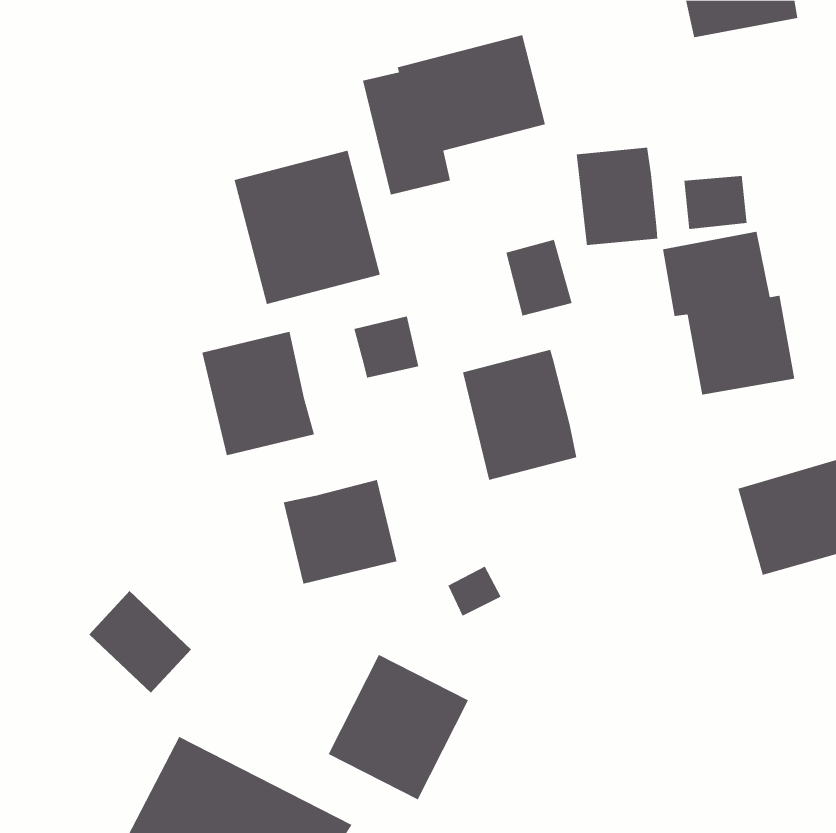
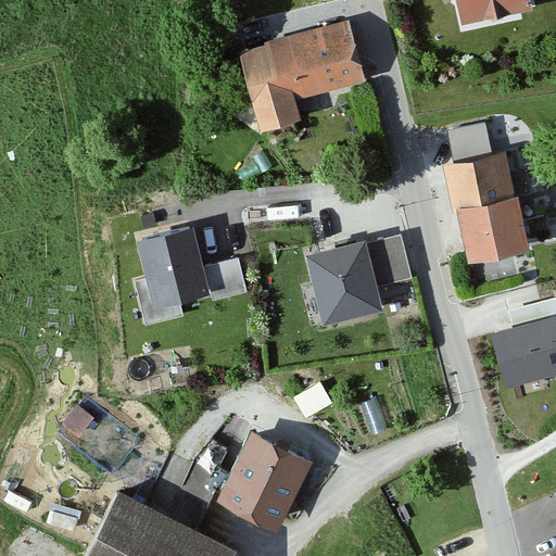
building: [576,147,658,246] -> none
building: [234,150,381,305] -> none
building: [505,239,573,316] -> [368,233,413,285]
building: [353,316,419,378] -> [203,258,247,300]
building: [283,479,397,585] -> none

